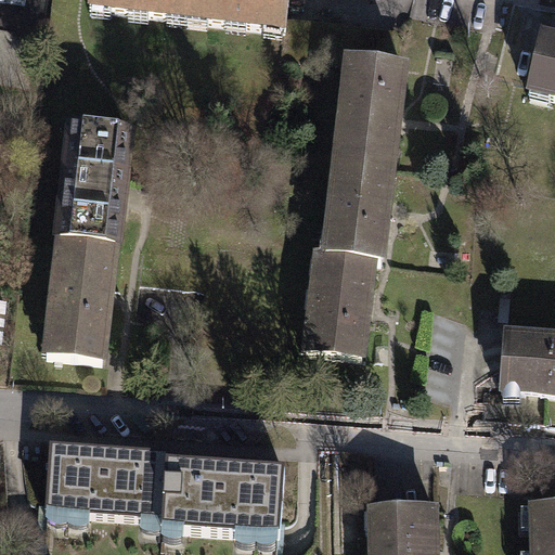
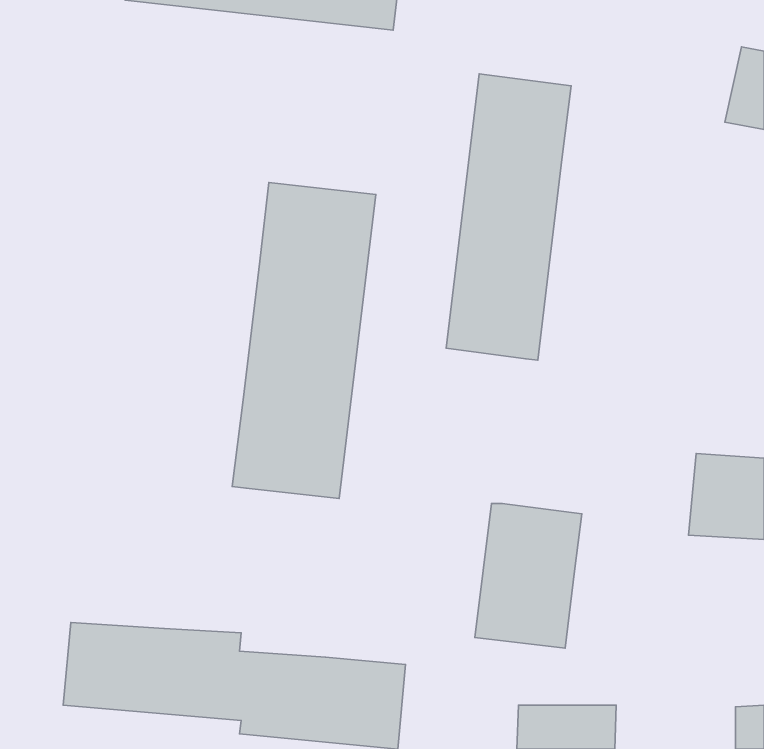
building: [44,119,130,352] -> none
building: none -> [232,183,376,498]
building: [301,250,378,354] -> [475,503,582,648]

